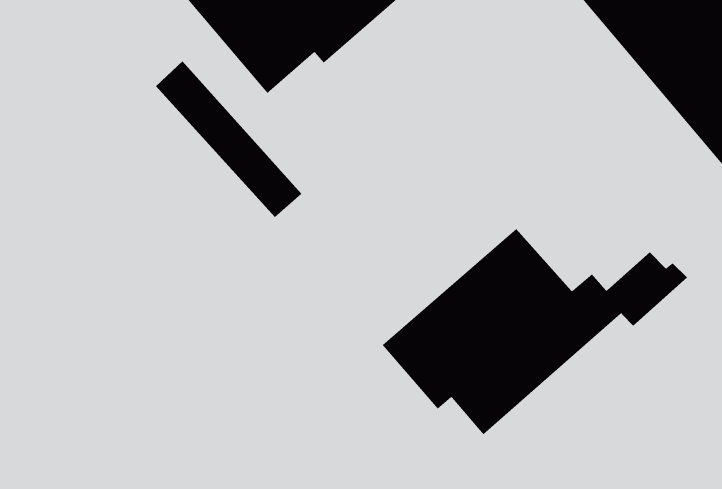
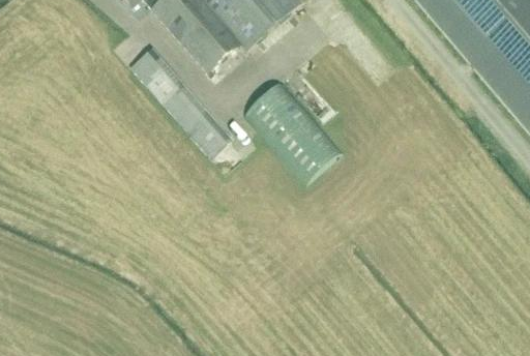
building: none -> [244,81,341,182]
building: [382,228,688,435] -> none

